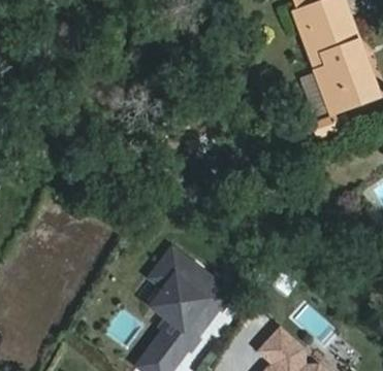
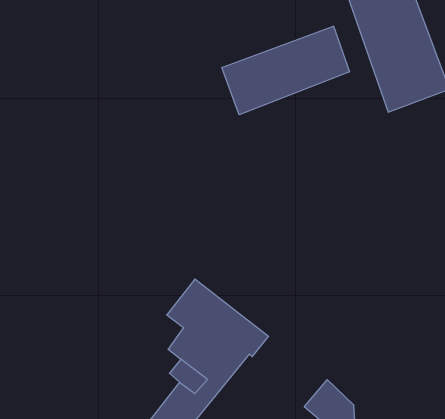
building: none -> [222,26,349,115]

